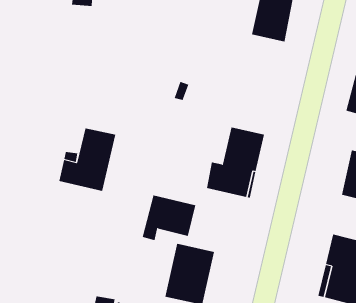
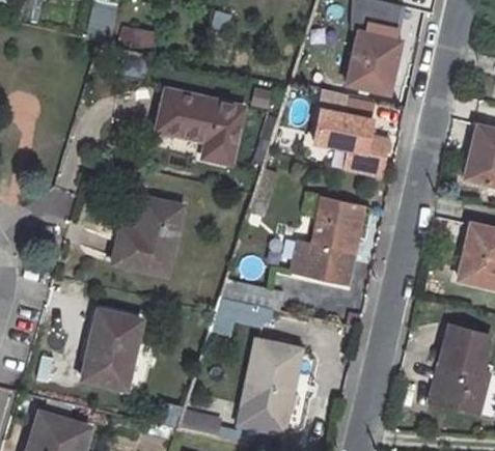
building: none -> [157,89,243,162]
building: none -> [311,97,392,178]
building: none -> [81,309,142,389]

